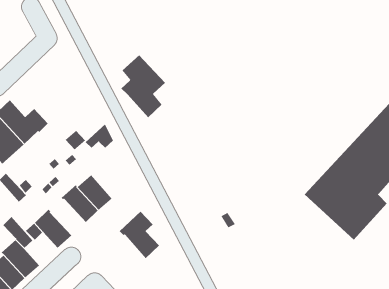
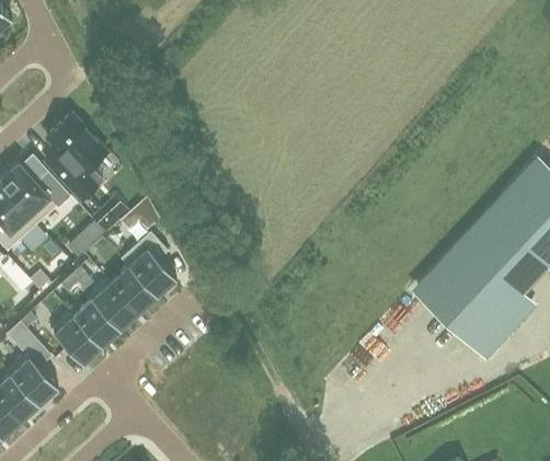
building: [121,55,166,118] -> [45,115,106,201]
building: none -> [72,299,121,348]
building: [119,211,160,259] -> [121,232,176,298]

